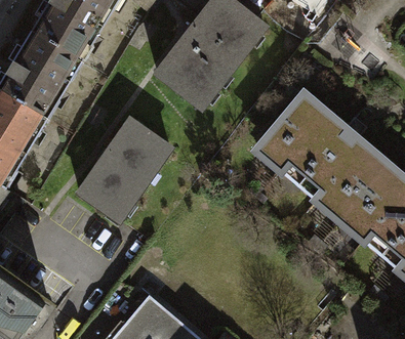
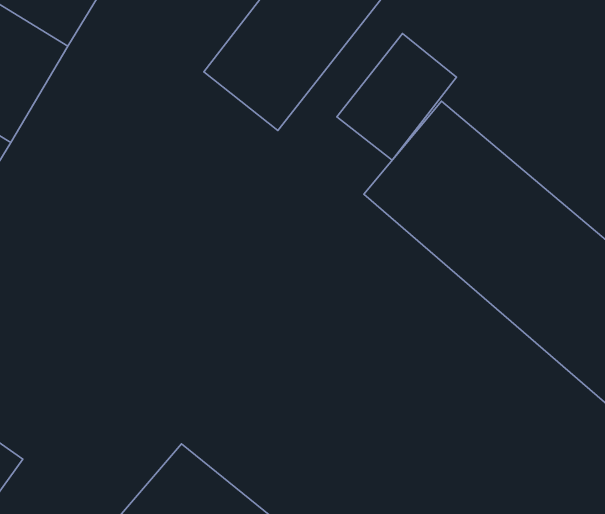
building: none -> [337,34,456,160]
building: [80,120,171,220] -> none

